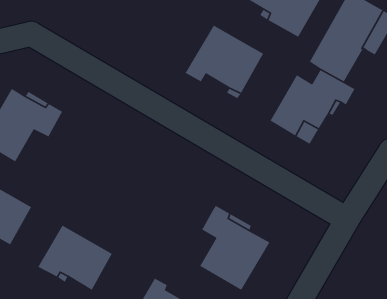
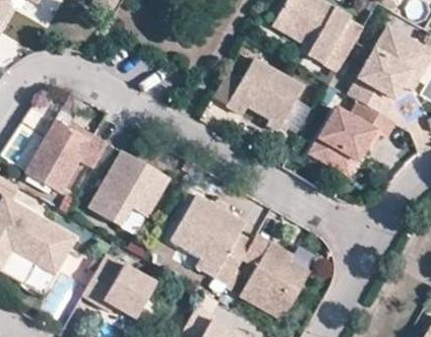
building: none -> [88,150,170,221]
building: none -> [170,195,252,284]

